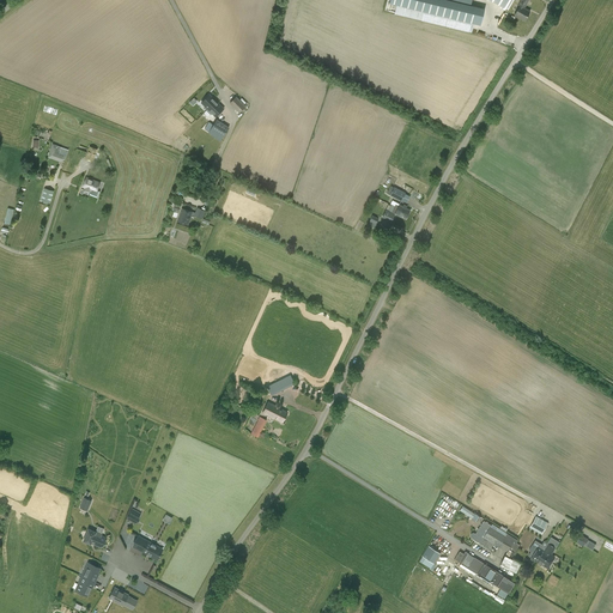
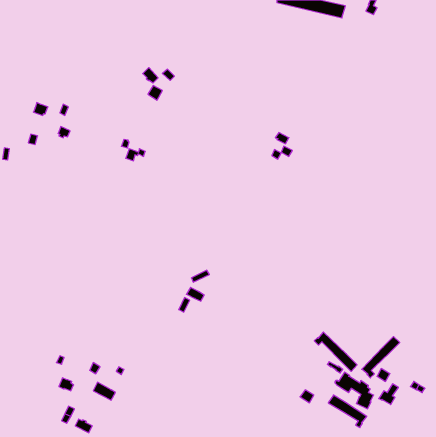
building: none -> [314,332,357,371]
building: none -> [362,337,400,378]

